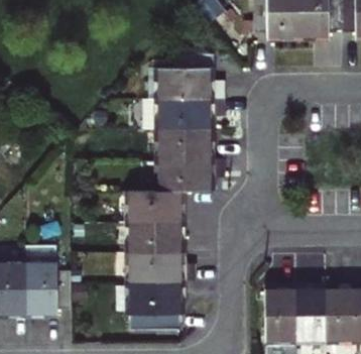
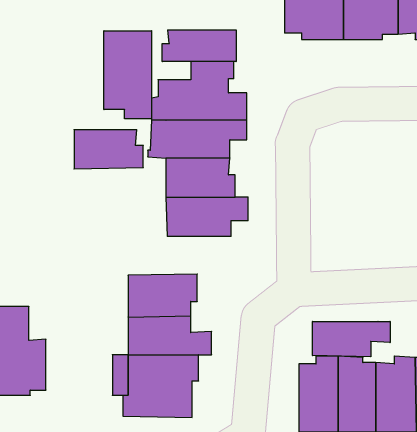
building: none -> [162,30,236,62]
building: none -> [104,31,152,119]
building: [131,191,185,221] -> [74,130,143,169]
building: none -> [313,321,390,357]

